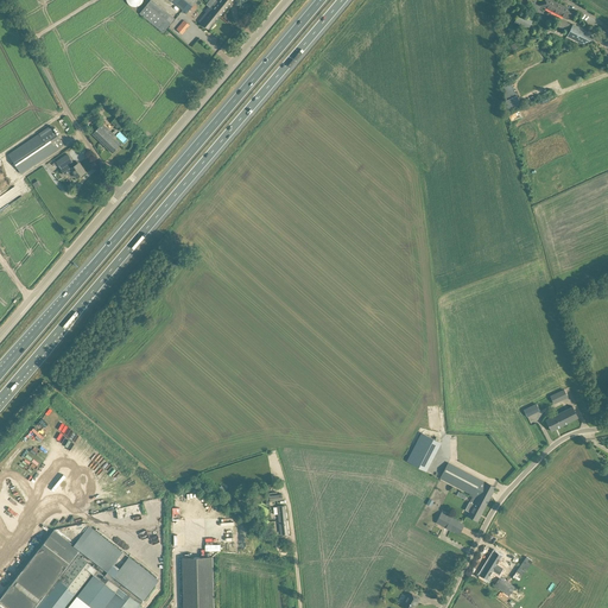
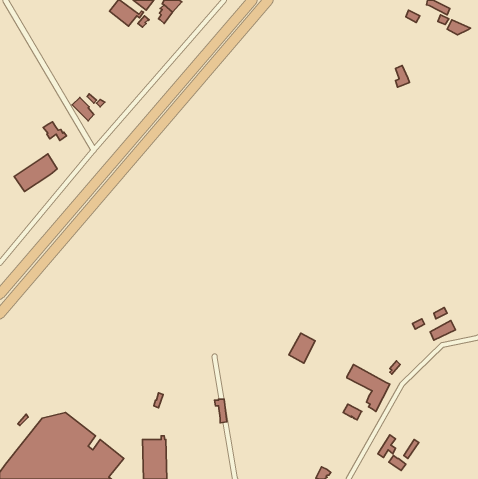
building: [7,126,62,173] -> [14,154,57,191]
building: [406,432,439,470] -> [289,333,315,363]

